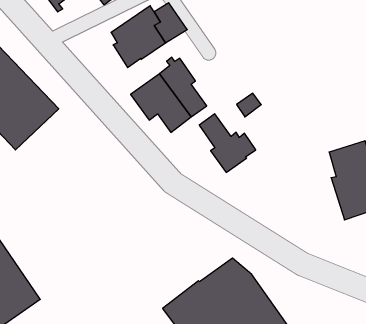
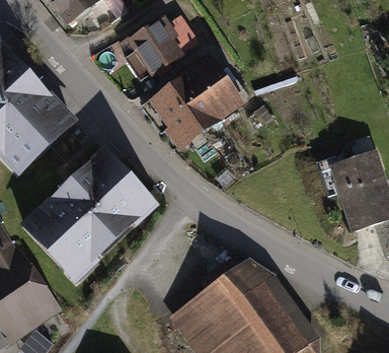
building: [199,114,256,172] -> [191,60,247,118]
building: none -> [24,151,144,269]

